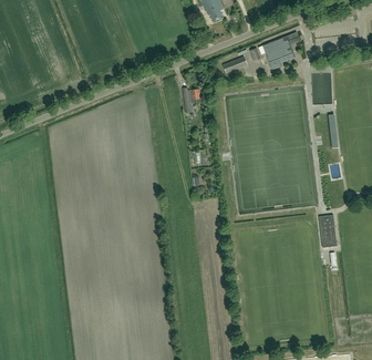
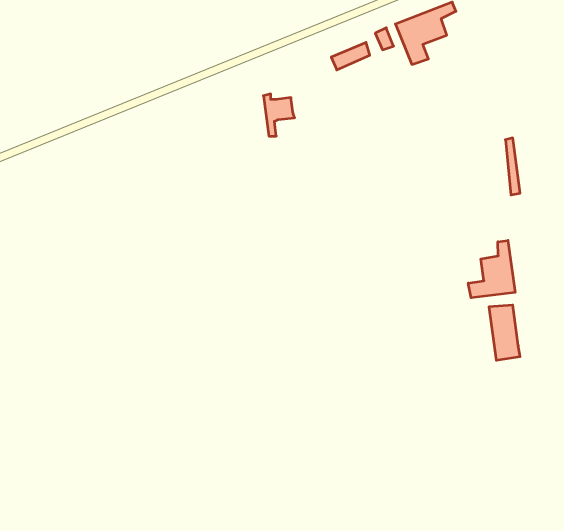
building: none -> [468,240,515,298]

